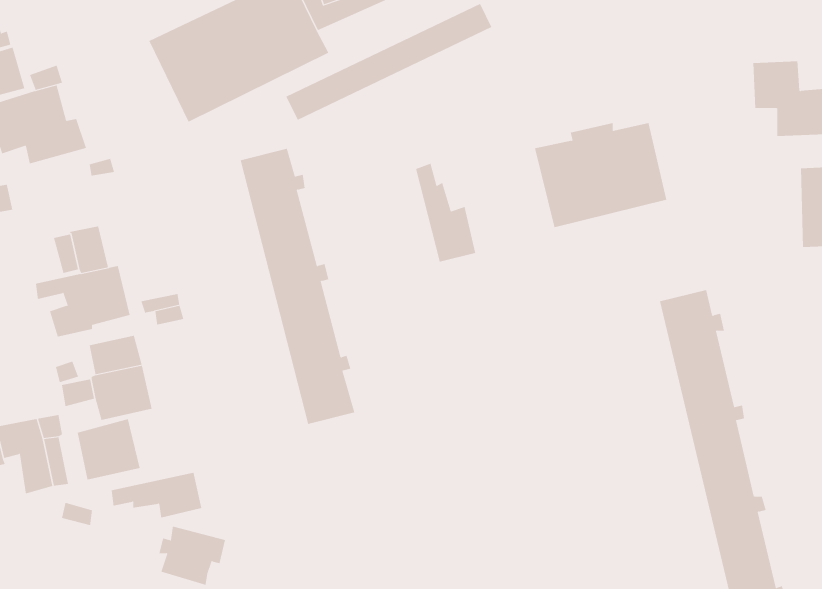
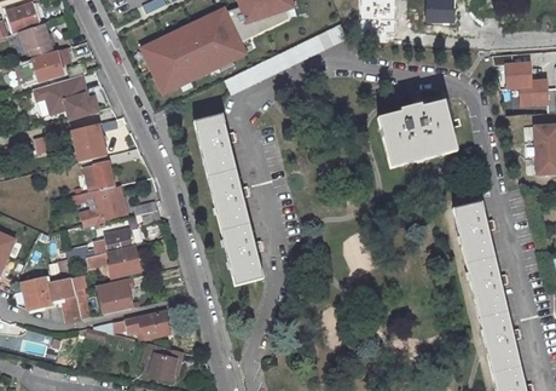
building: [415,163,476,263] -> none
building: none -> [69,122,108,162]

